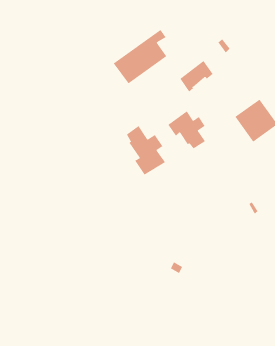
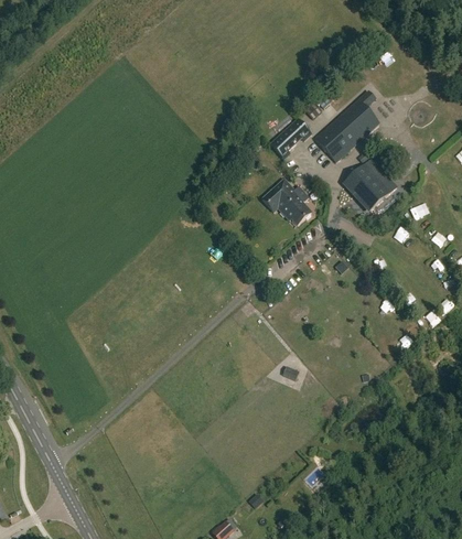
building: [113,29,167,84] -> [313,90,378,161]
building: [126,125,166,175] -> none

